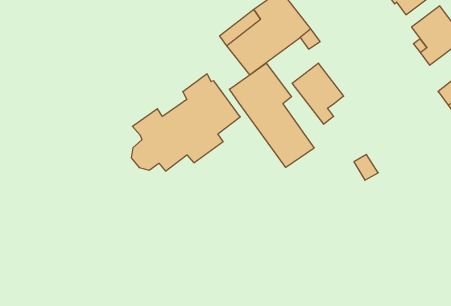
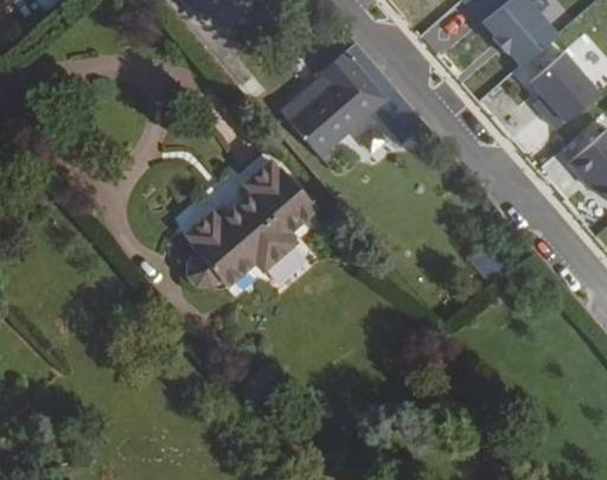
building: [229,63,314,167] -> none
building: [292,63,344,124] -> none

